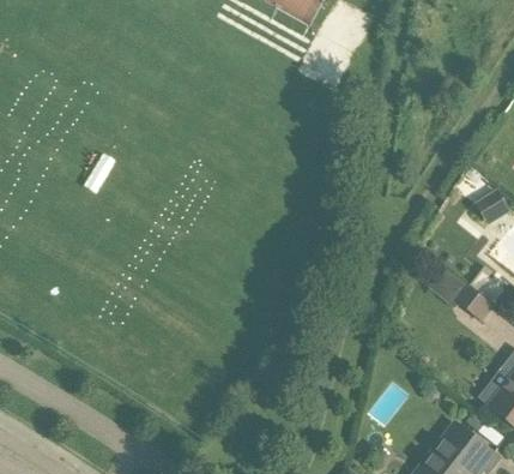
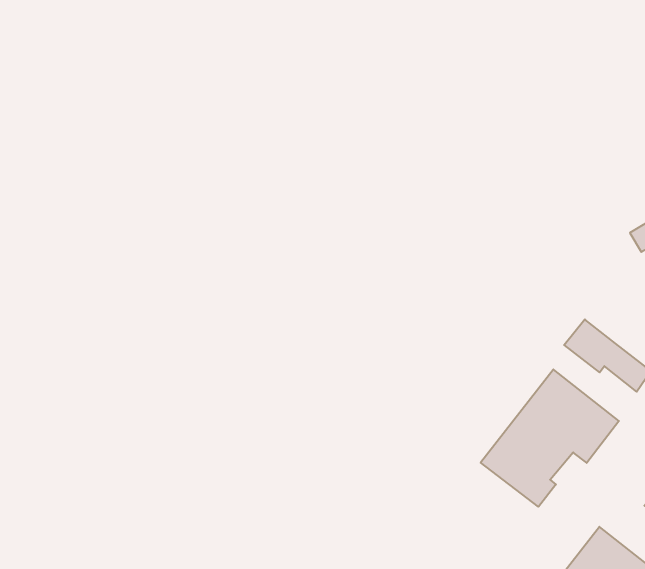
building: none -> [481,369,619,507]

